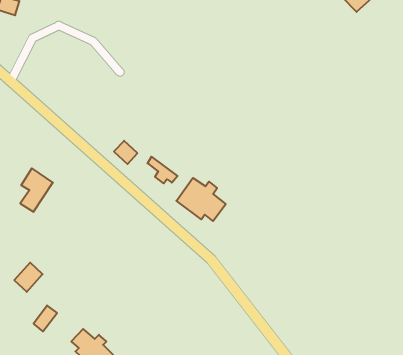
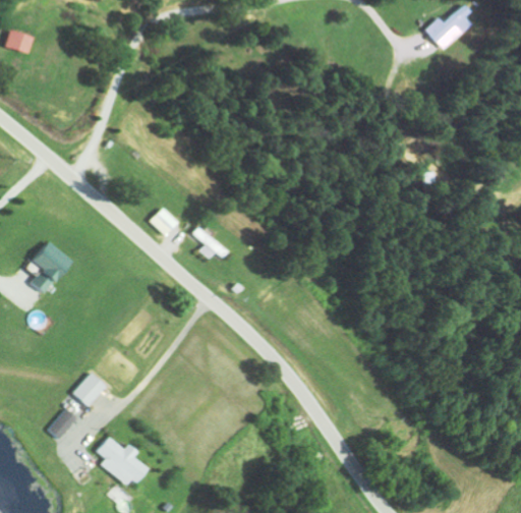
building: [176,178,226,221] -> none
building: [14,263,43,292] -> [72,372,107,407]

